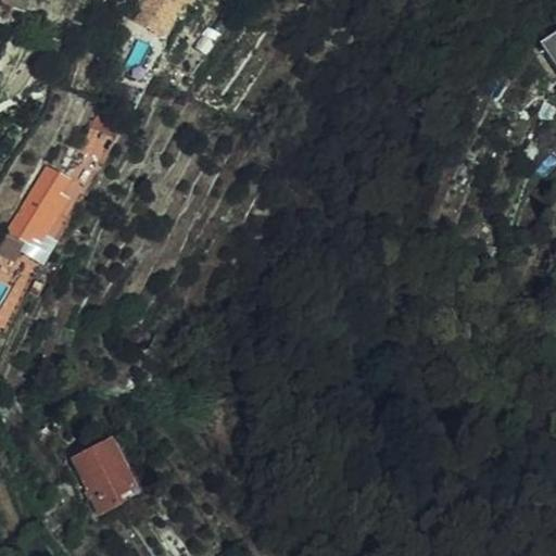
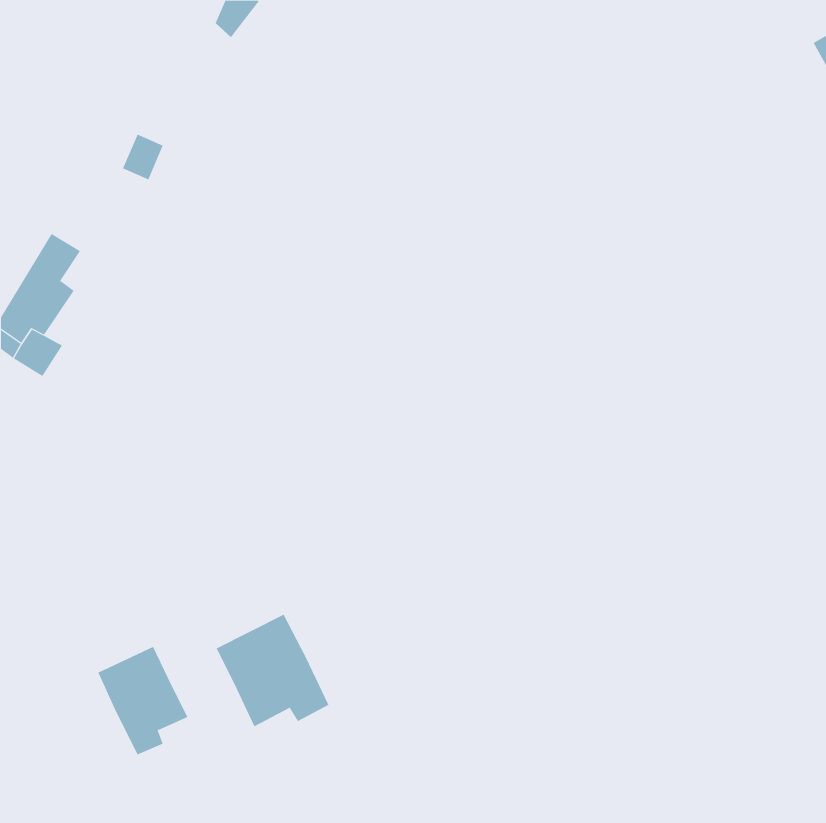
building: none -> [216,614,329,727]

